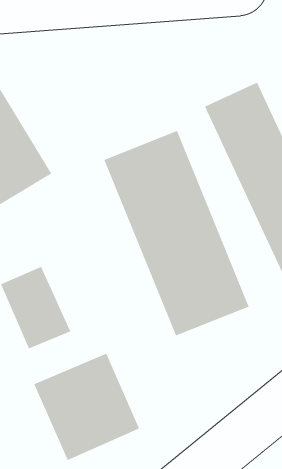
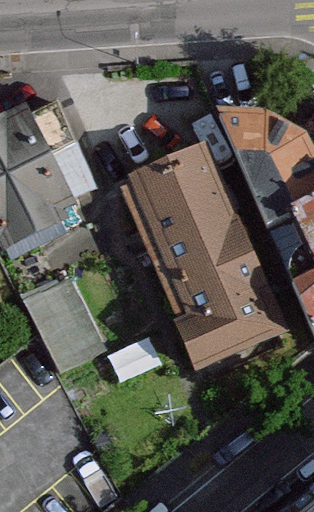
building: [34,353,140,461] -> none

